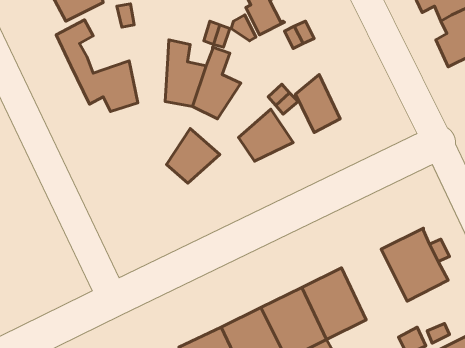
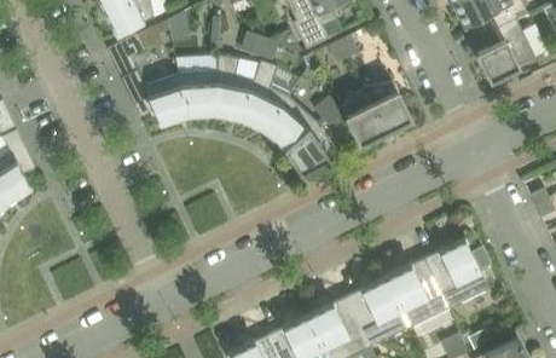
building: none -> [179,71,216,115]
building: none -> [364,81,411,131]
building: [167,129,220,183] -> [265,96,317,149]
building: none -> [386,258,450,327]

